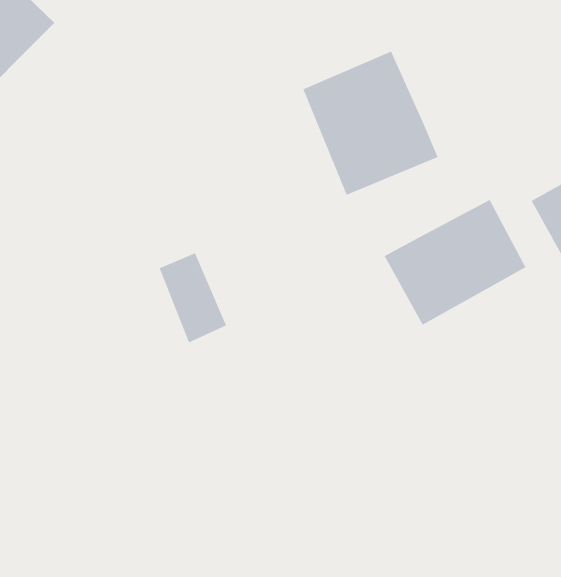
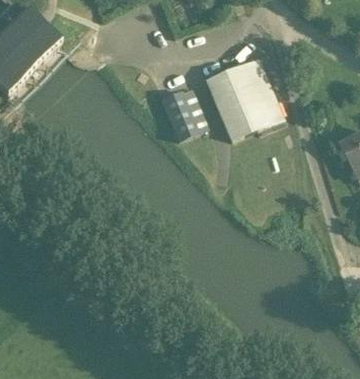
building: [384,199,526,325] -> none
building: [159,252,227,343] -> [161,87,201,140]

